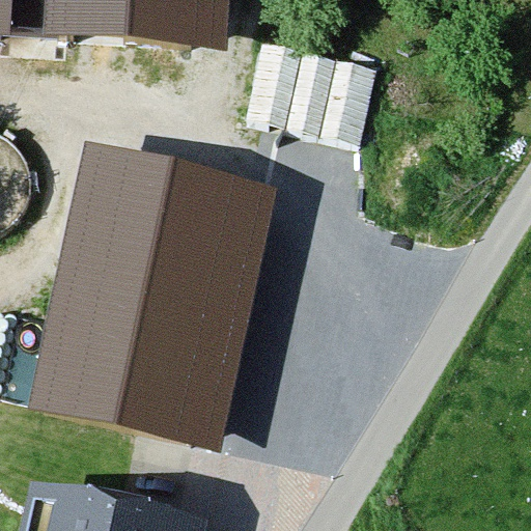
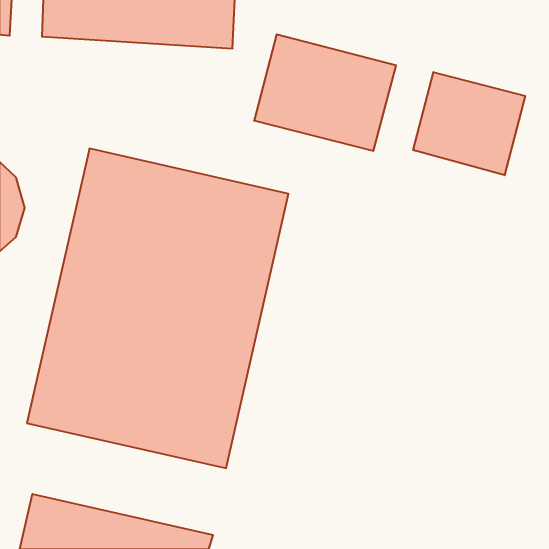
building: none -> [413,72,525,175]

